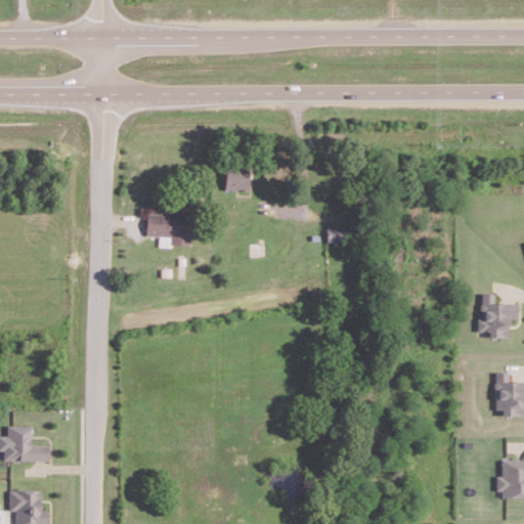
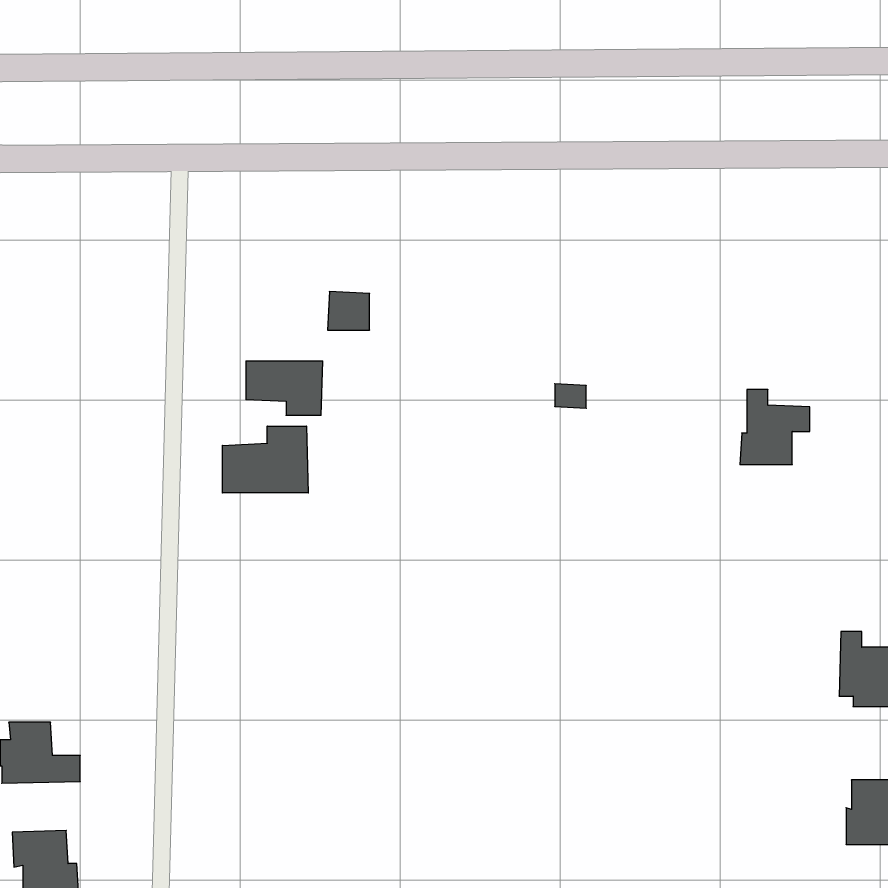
building: [225,169,250,191] -> [328,292,370,330]
building: none -> [222,426,308,493]
building: [477,294,518,338] -> [740,390,810,465]

